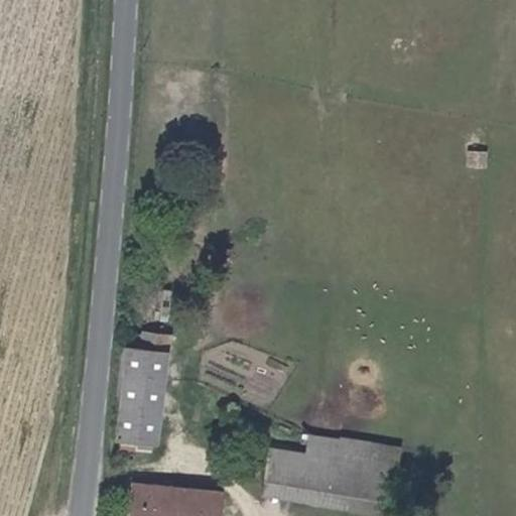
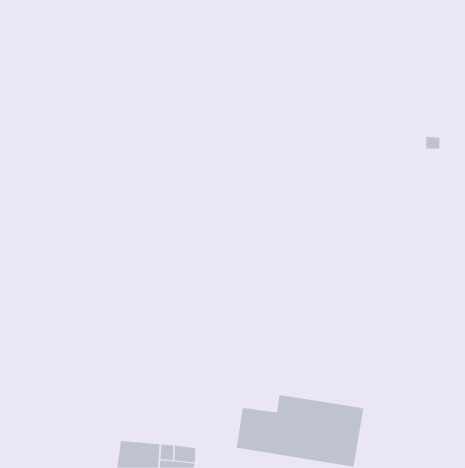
building: [116,333,169,440] -> none

